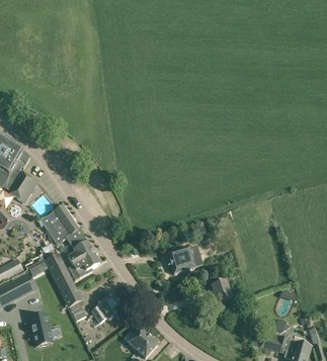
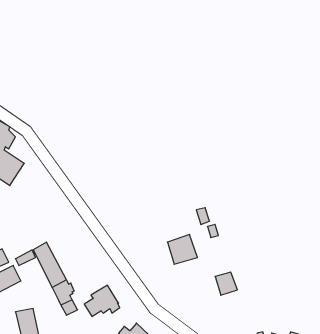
building: [42,204,100,279] -> none

